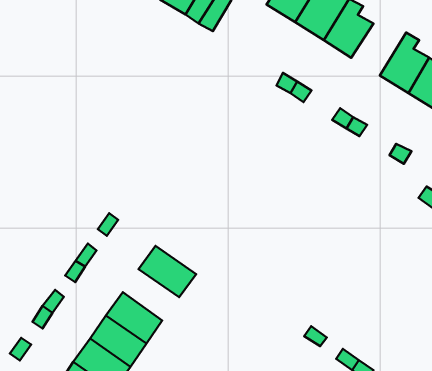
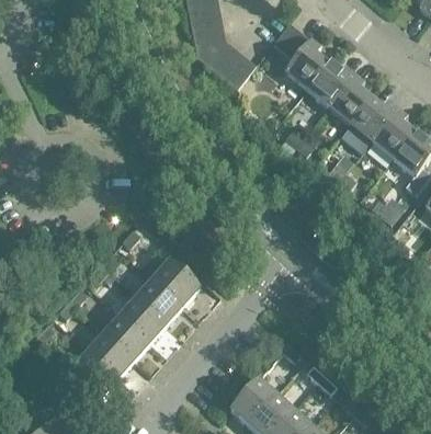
building: none -> [349,99,397,142]
building: none -> [136,278,182,323]

